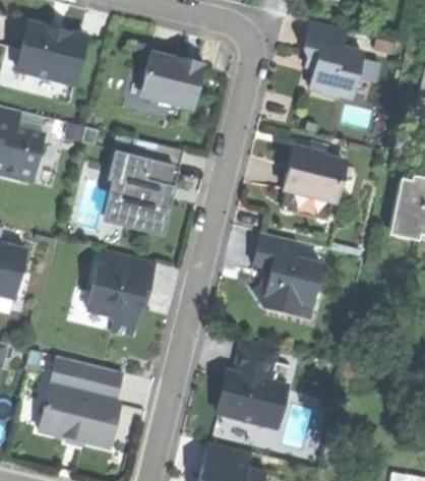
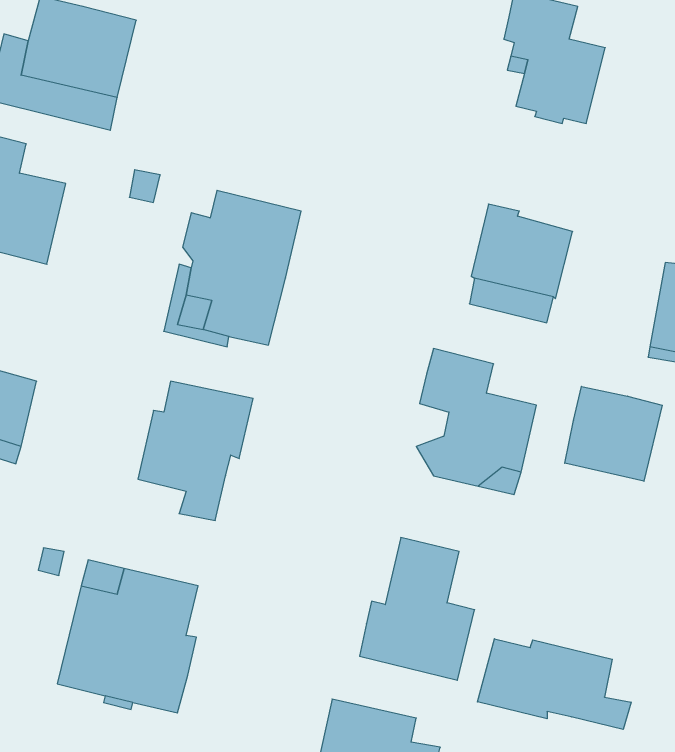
building: [138,52,204,110] -> none
building: none -> [565,386,662,481]
building: none -> [477,639,631,729]

